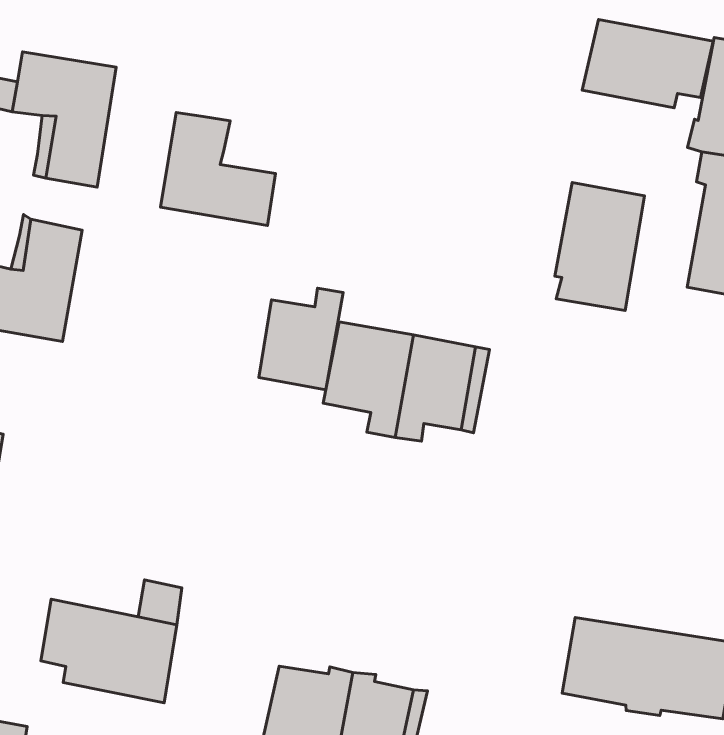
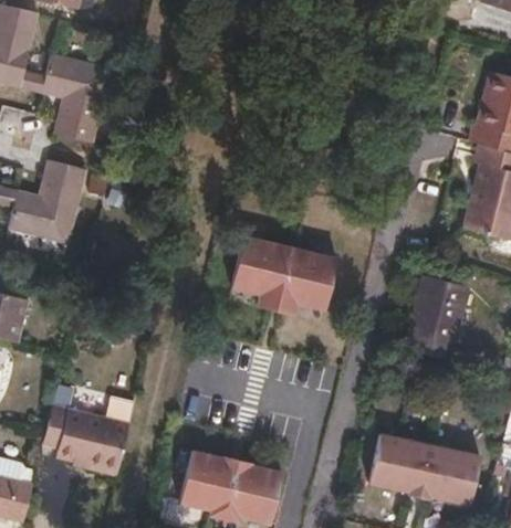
building: [582,20,713,108] -> none
building: [161,112,276,226] -> none
building: [555,183,645,311] -> [407,276,467,359]
building: [259,288,343,390] -> none

